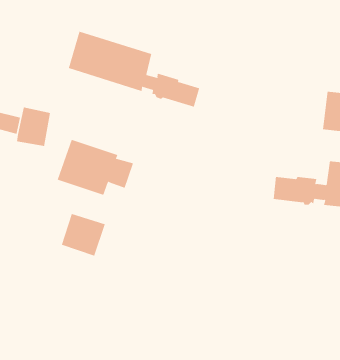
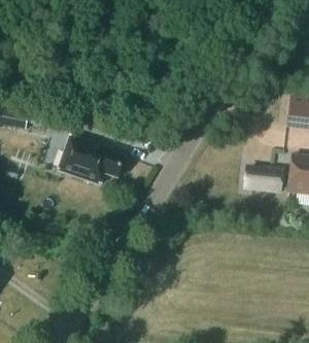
building: [68,31,200,107] -> none
building: [61,213,106,257] -> none

